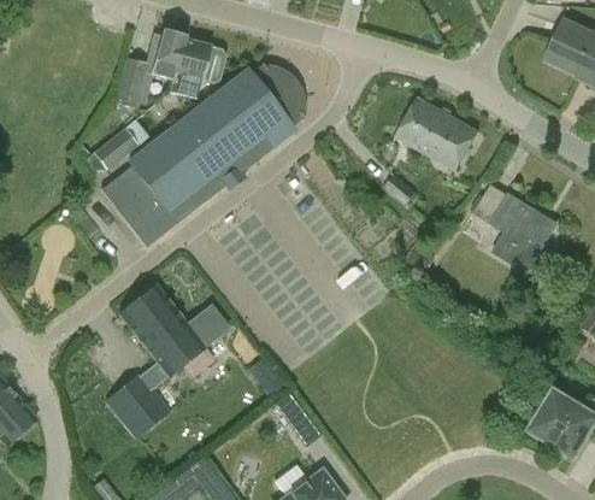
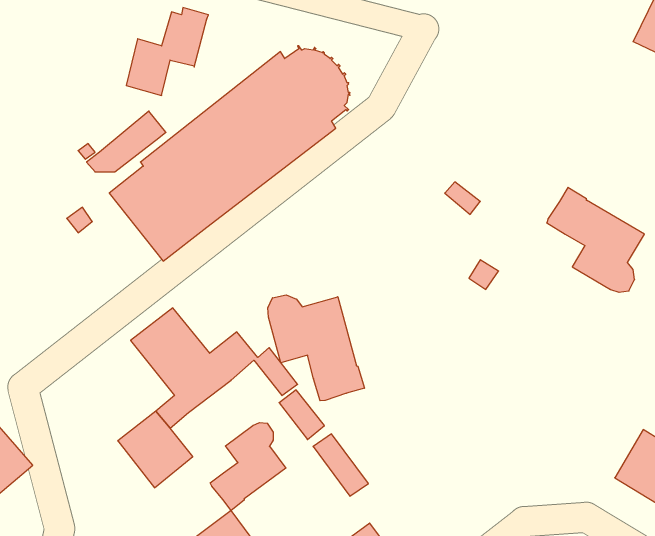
building: [169,40,225,99] -> none
building: [395,96,477,170] -> none
building: none -> [268,295,364,401]
building: none -> [210,423,286,510]

